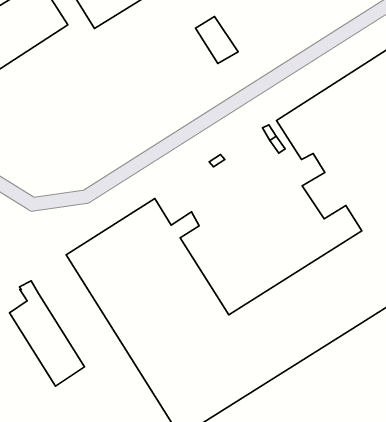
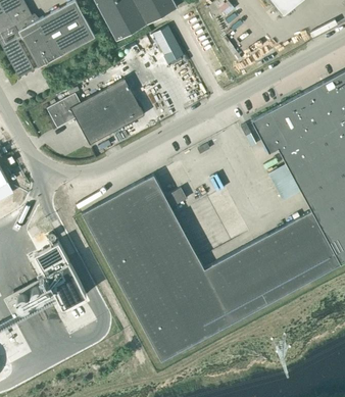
building: [195,16,238,64] -> [152,26,184,62]
building: none -> [47,78,144,144]

